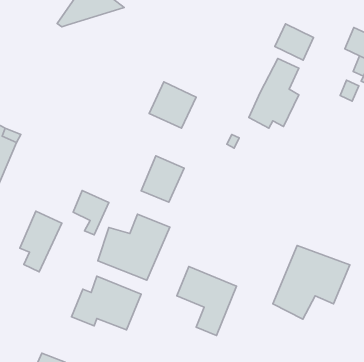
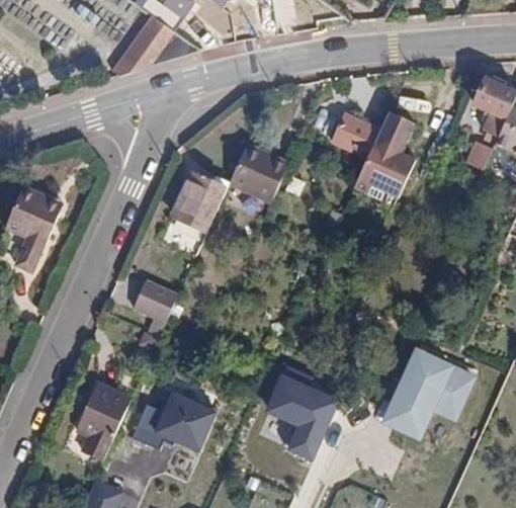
building: [275,24,314,60] -> [331,111,379,157]
building: [141,156,184,202] -> [172,172,226,230]
building: [20,211,62,272] -> [78,384,131,459]
building: [98,214,170,280] -> none

